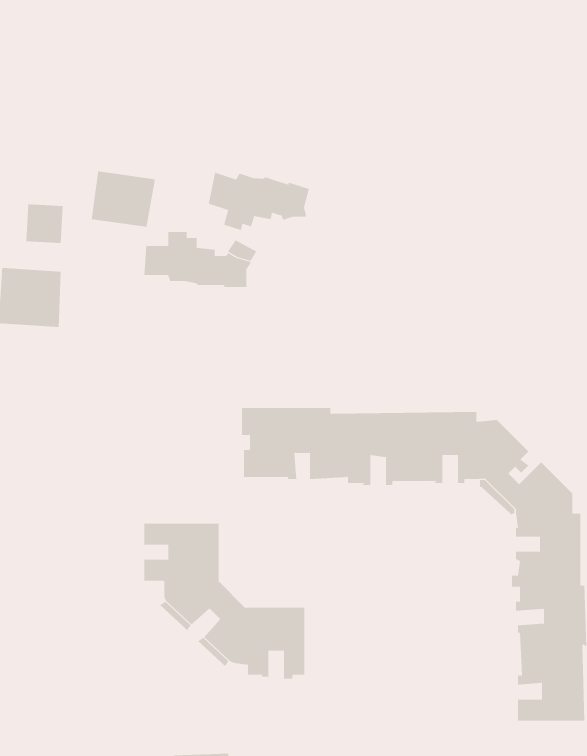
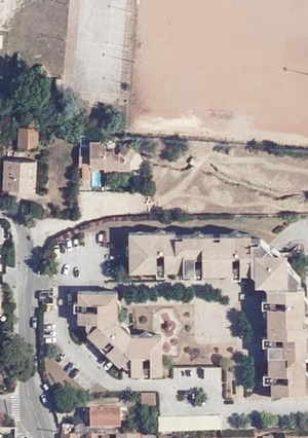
building: [91,171,155,228] -> none
building: [208,172,310,231] -> none

